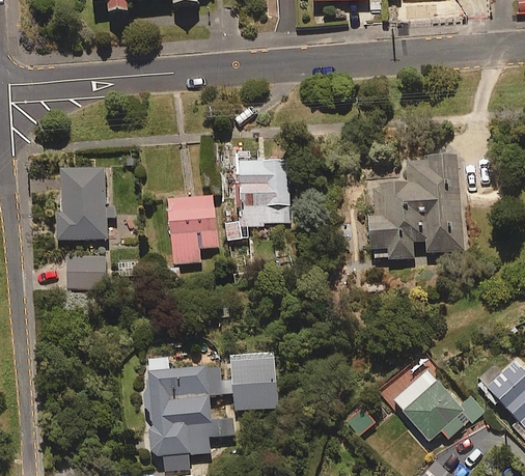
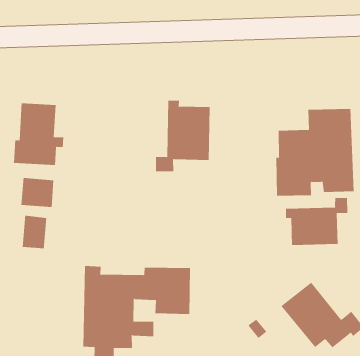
building: [167,194,218,263] -> none
building: none -> [285,197,348,246]
building: none -> [22,215,47,249]

